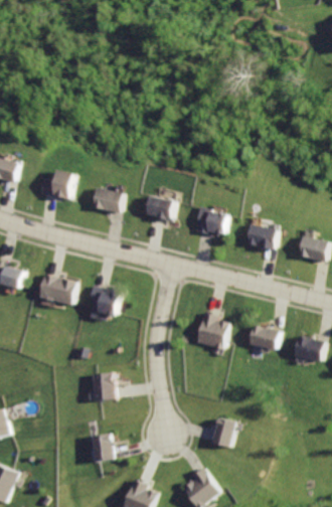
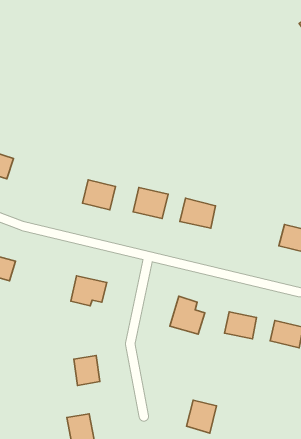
building: [44,170,82,203] -> none
building: [251,223,286,255] -> none
building: [38,272,81,308] -> none

